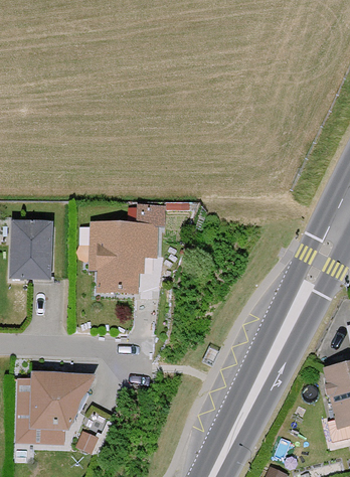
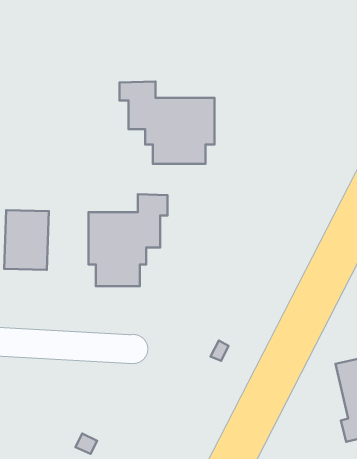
building: none -> [120,81,214,164]
building: [15,372,95,443] -> none

